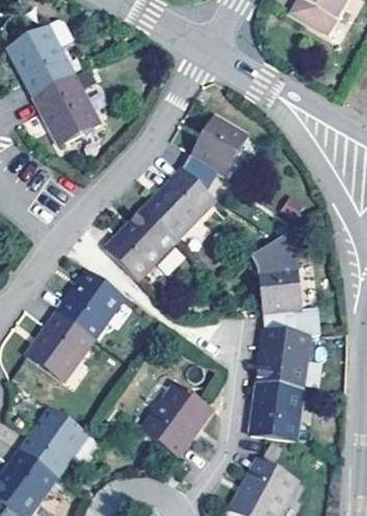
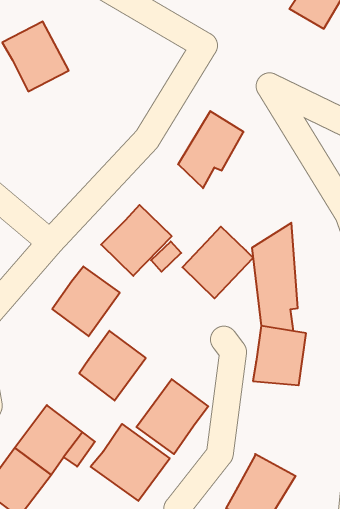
building: [33,75,99,145] -> none
building: [144,168,214,239] -> [182,227,253,298]
building: [27,312,93,381] -> [79,331,146,401]
building: [250,383,302,441] -> none
building: none -> [91,424,170,501]

